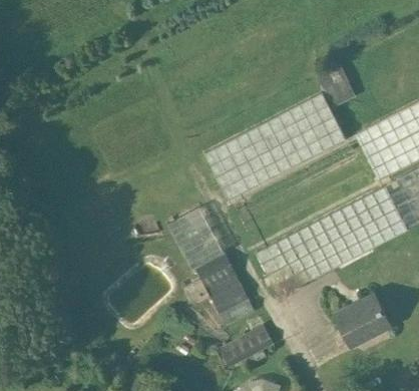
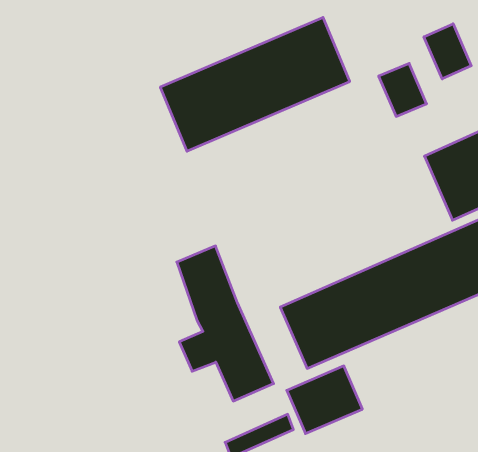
building: none -> [424,24,471,79]
building: [204,92,345,199] -> [160,17,350,151]
building: [333,293,390,345] -> [287,366,362,434]

